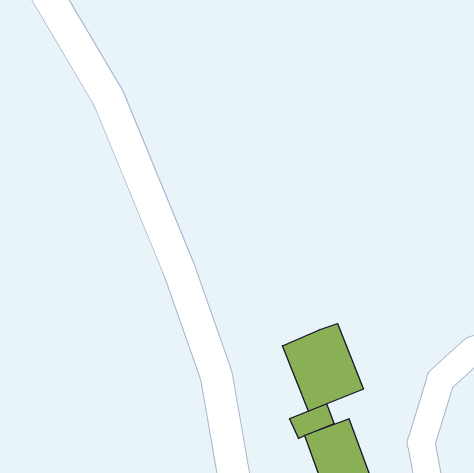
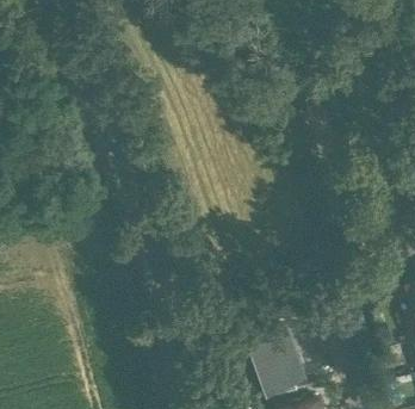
building: [282,324,364,411] -> none

